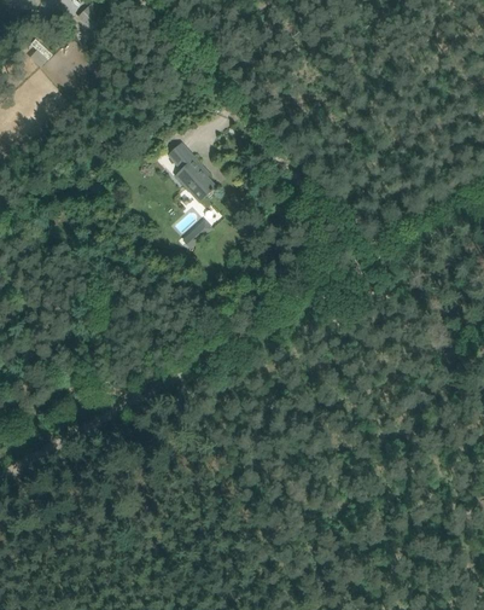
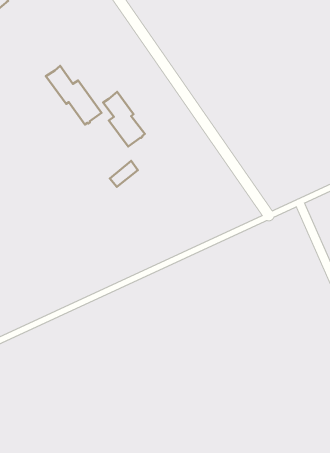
building: none -> [46,66,102,125]

